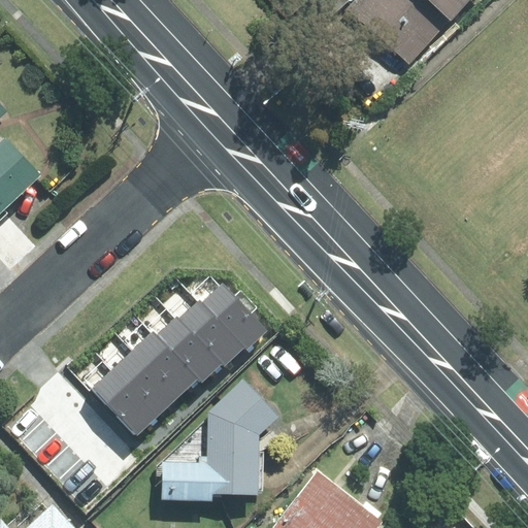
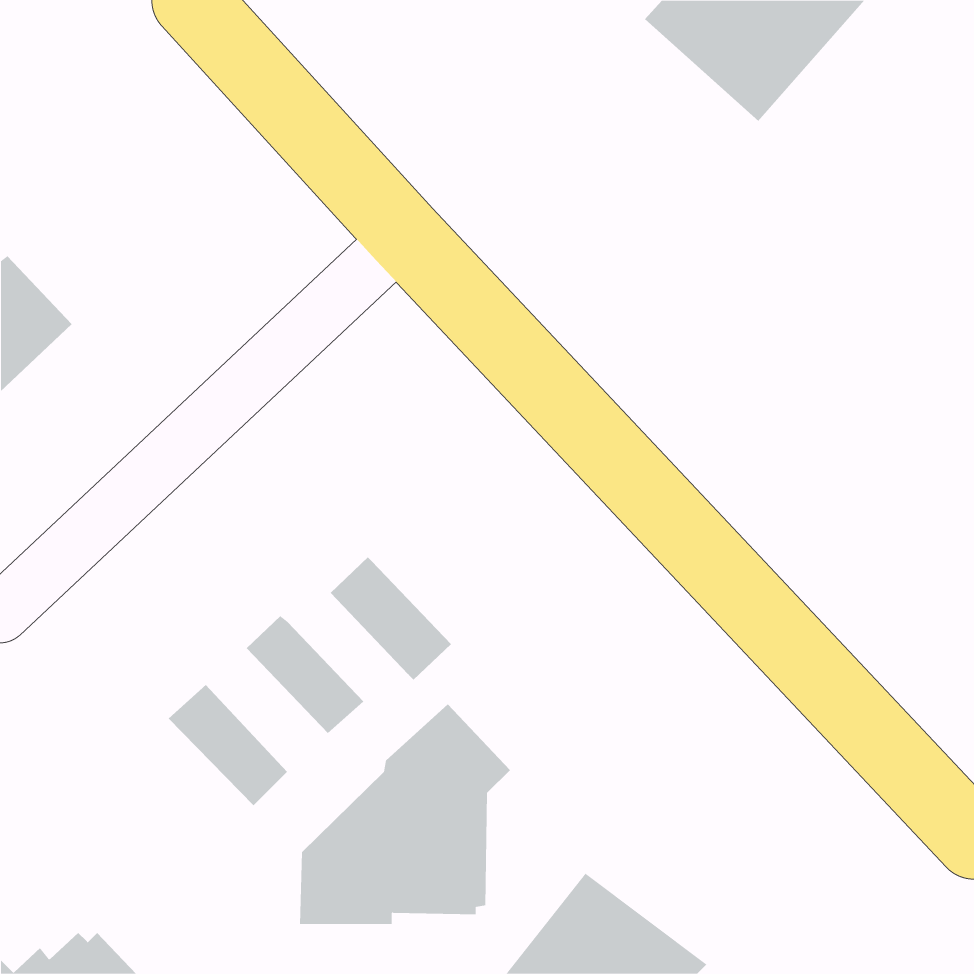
building: [201,284,267,351] -> none
building: [156,319,221,384] -> none
building: [111,351,177,418] -> none

